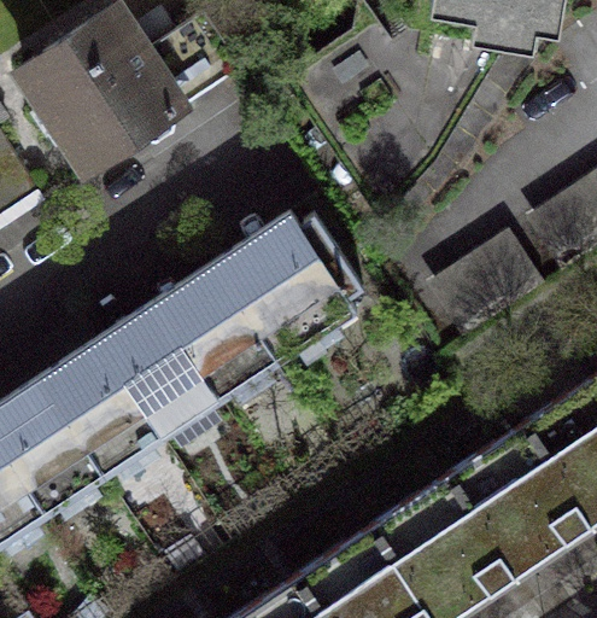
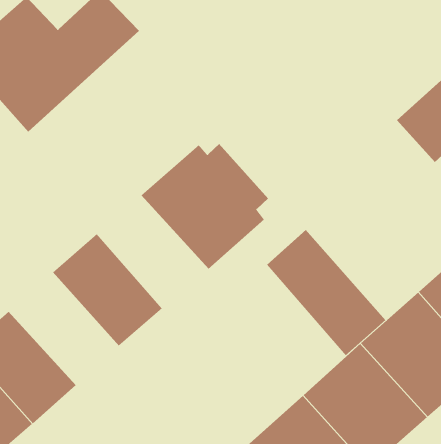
building: [423,235,543,346] -> none
building: [151,270,276,408] -> none
building: none -> [266,229,386,356]
building: [34,346,158,484] -> none

